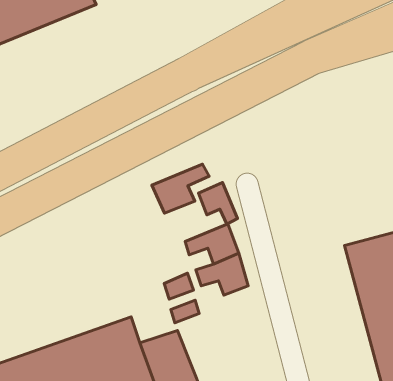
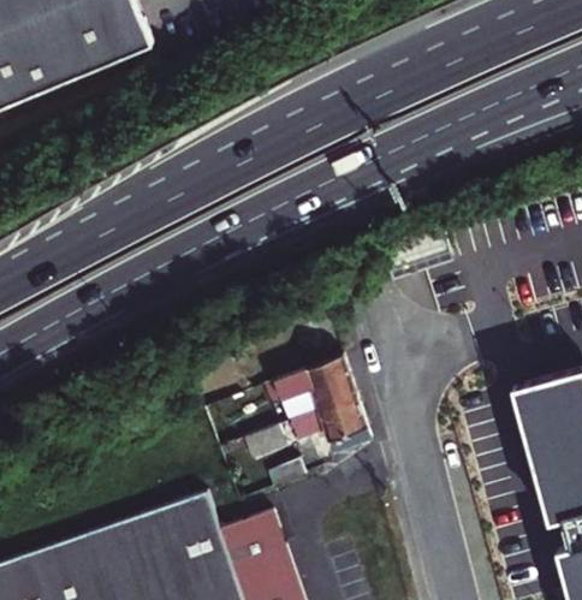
building: [152,164,209,213] -> none
building: [198,182,237,224] -> none

